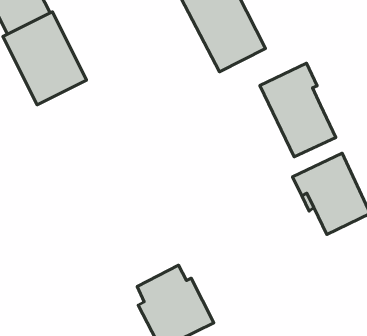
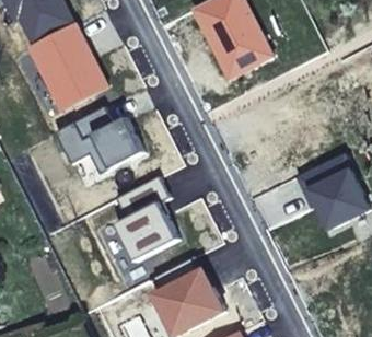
building: [260,63,336,157] -> none
building: none -> [55,106,144,174]
building: none -> [115,176,178,262]

